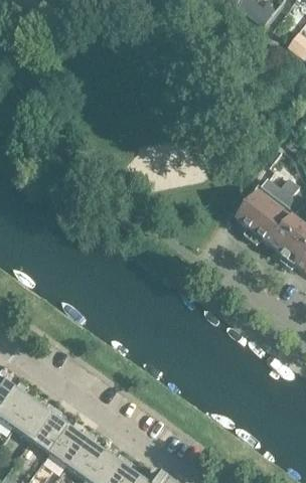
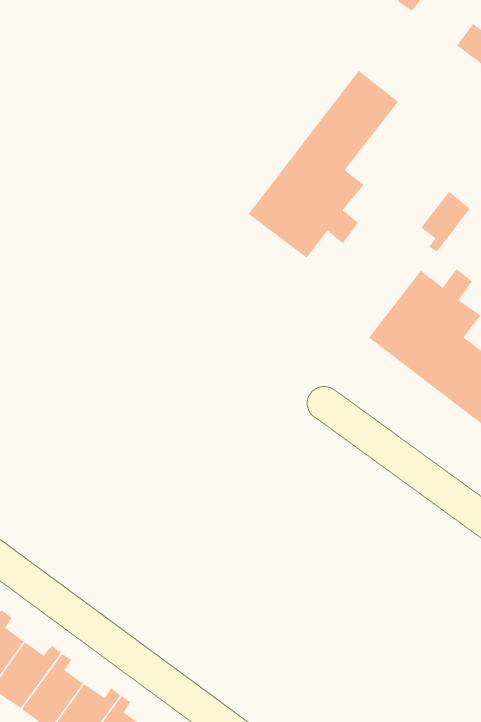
building: none -> [248,70,399,259]
building: none -> [421,191,470,253]

